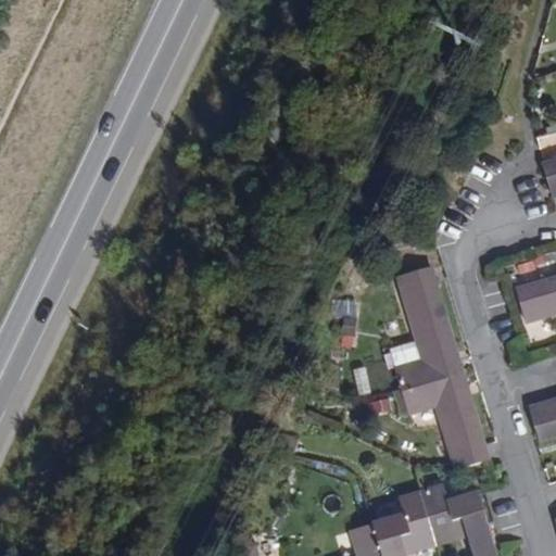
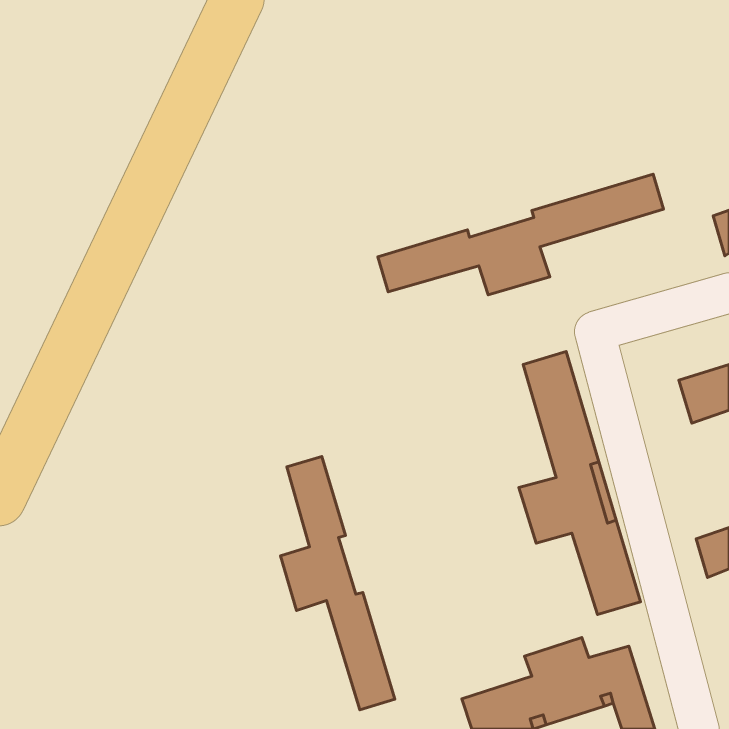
building: none -> [378,174,664,295]
building: none -> [281,456,395,710]

